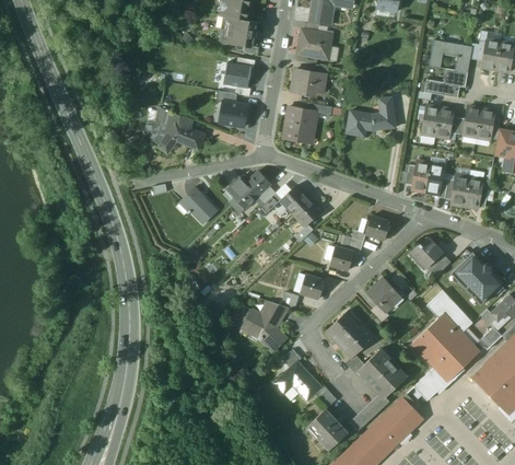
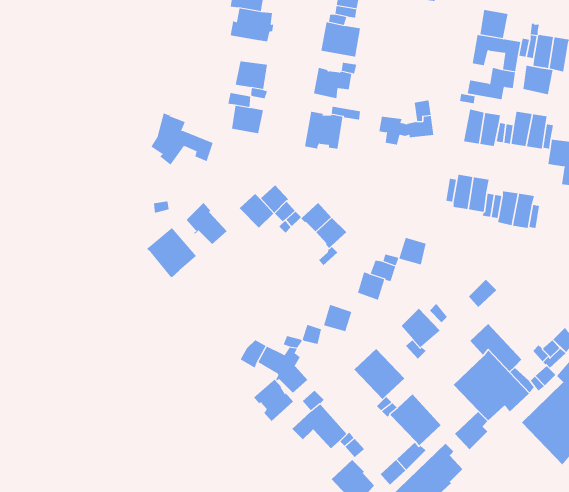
building: none -> [480,9,508,39]
building: none -> [523,65,553,95]
building: none -> [146,227,197,278]
building: [410,240,441,268] -> none
building: [450,253,503,305] -> none
building: none -> [253,379,294,422]

